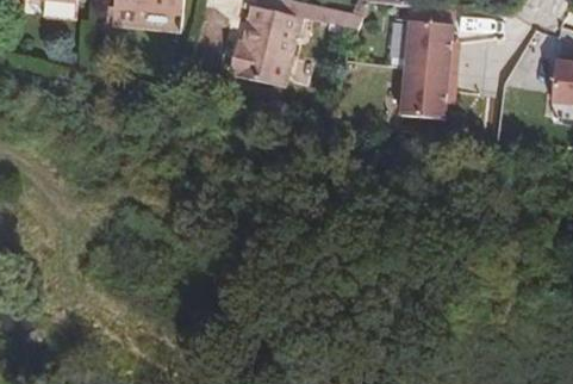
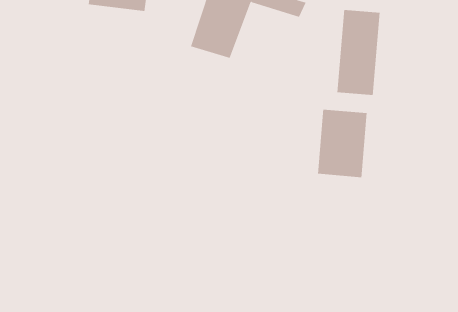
building: none -> [317,109,367,178]

